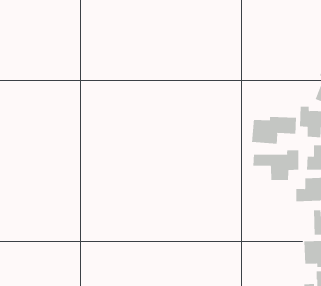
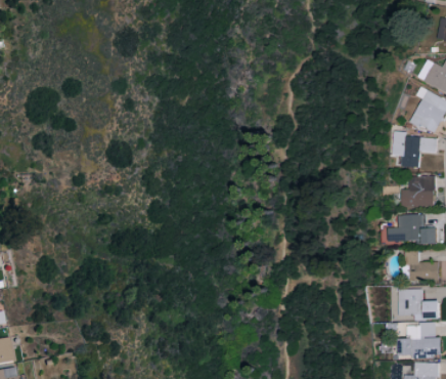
building: [251,116,297,144] -> none
building: [253,150,299,181] -> none

